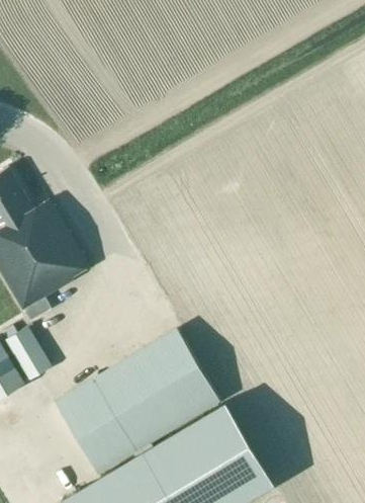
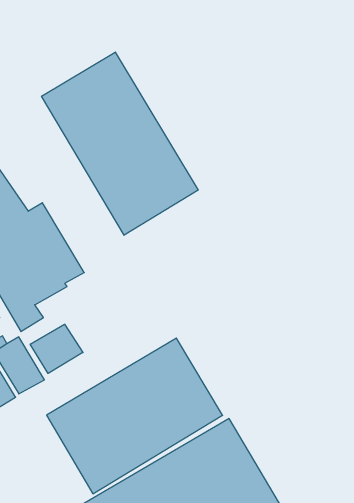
building: none -> [42,52,198,235]
building: none -> [30,324,83,373]

